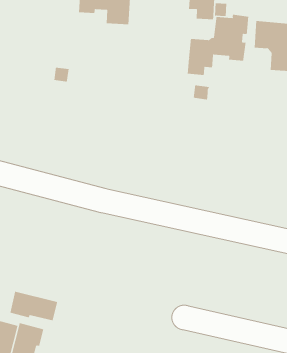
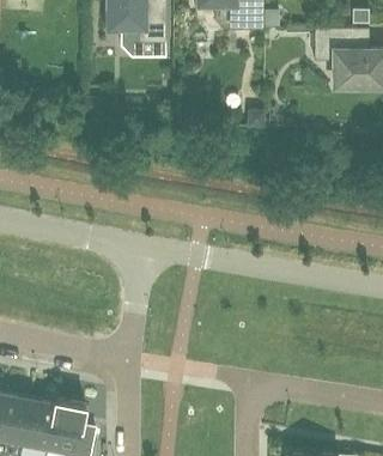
building: [187,14,249,76] -> none
building: [10,291,58,321] -> none

